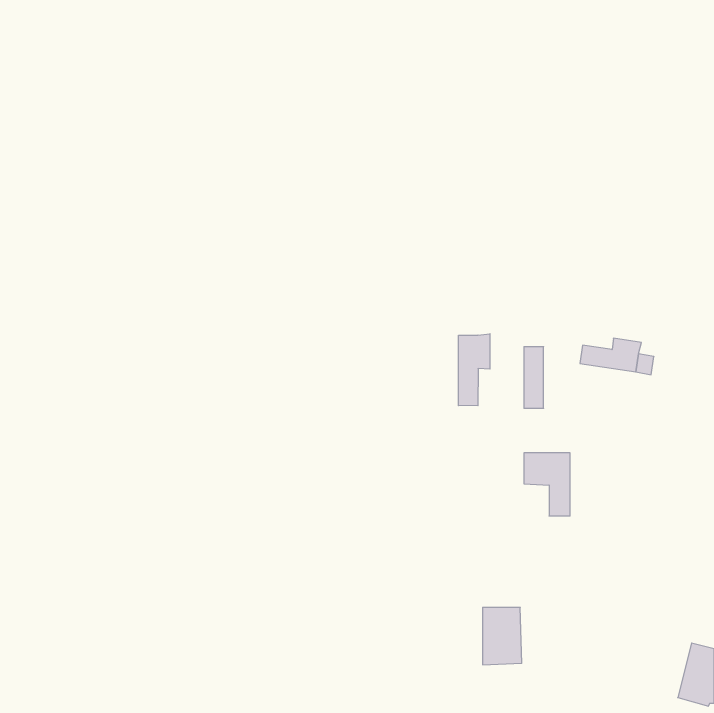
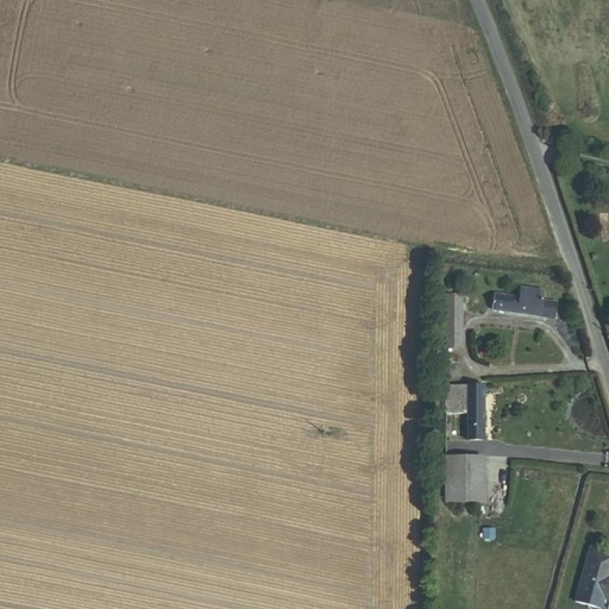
building: [459,334,490,406] -> none
building: [483,607,522,665] -> [446,454,479,503]

